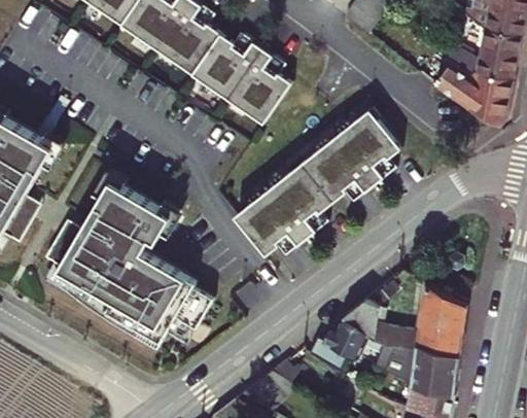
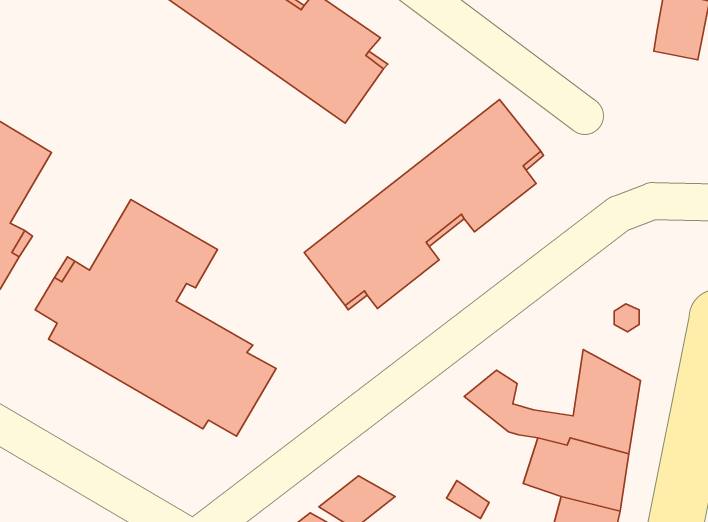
building: [435,44,508,126] -> none
building: [324,317,383,360] -> none

